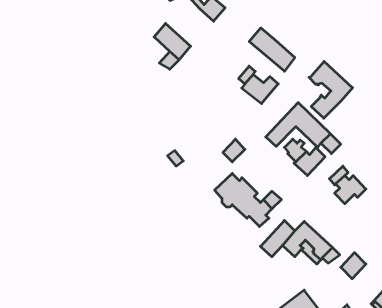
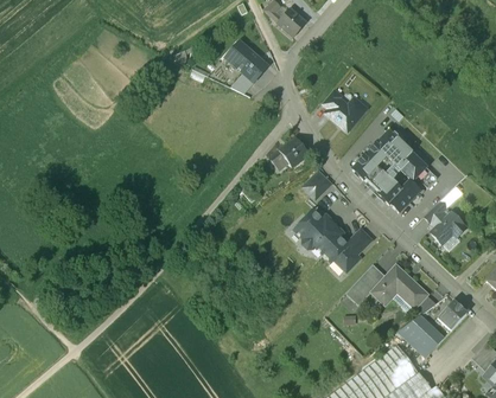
building: [249,28,295,71] -> none
building: [309,61,353,118] -> none
building: none -> [269,139,307,171]
building: none -> [399,316,444,358]

